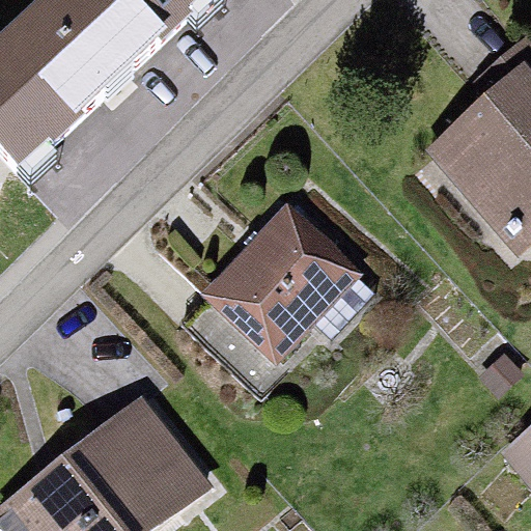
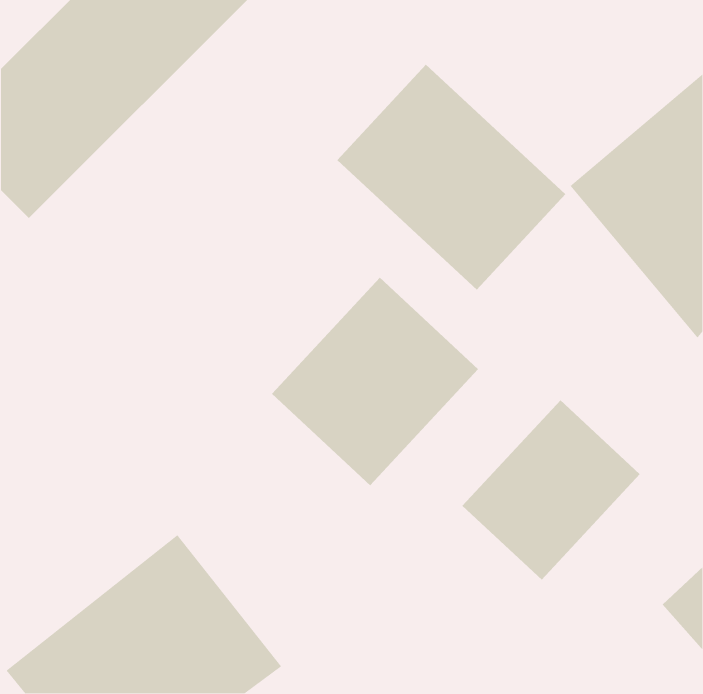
building: none -> [337,64,566,290]
building: none -> [462,399,641,580]

